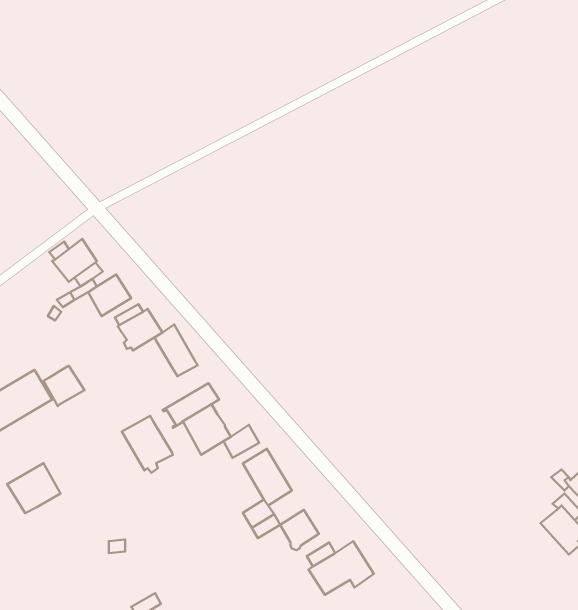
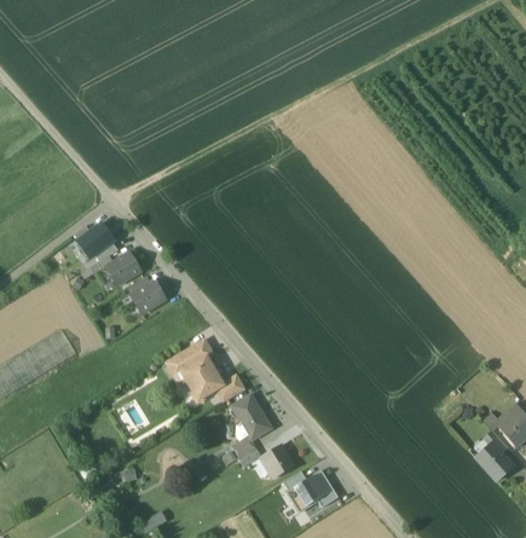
building: [155,324,198,376] -> none
building: [44,366,85,406] -> none
building: [122,416,173,473] -> none
building: [7,463,61,513] -> none

